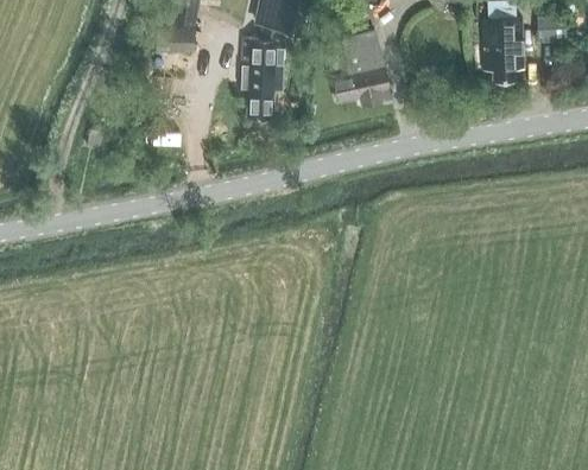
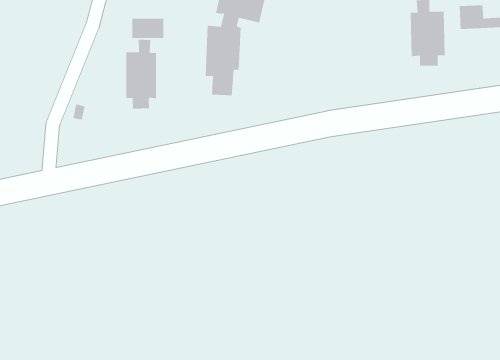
building: [330,30,391,107] -> none
building: none -> [126,39,157,109]

